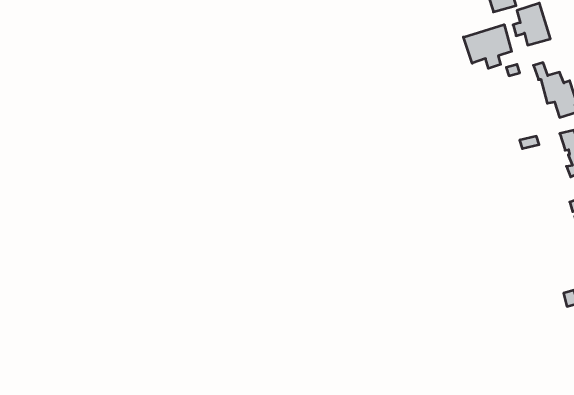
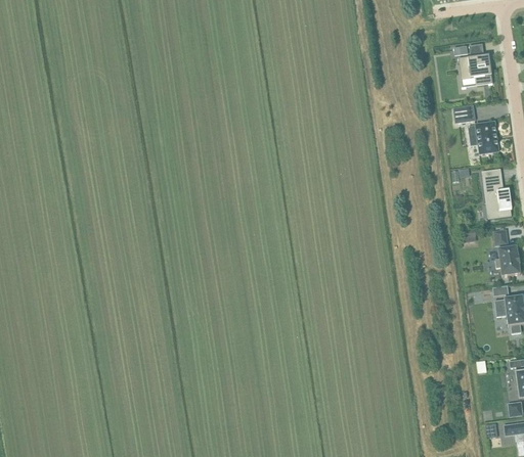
building: [463,25,512,68] -> none

